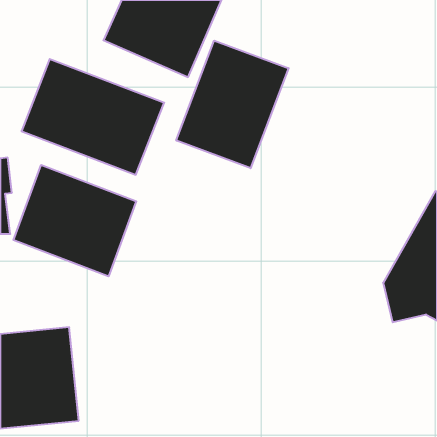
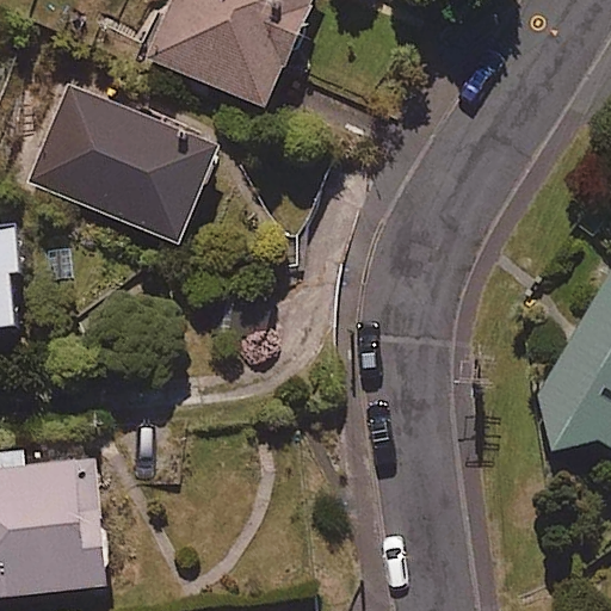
building: [176,41,289,168] -> none
building: [13,165,136,276] -> none

